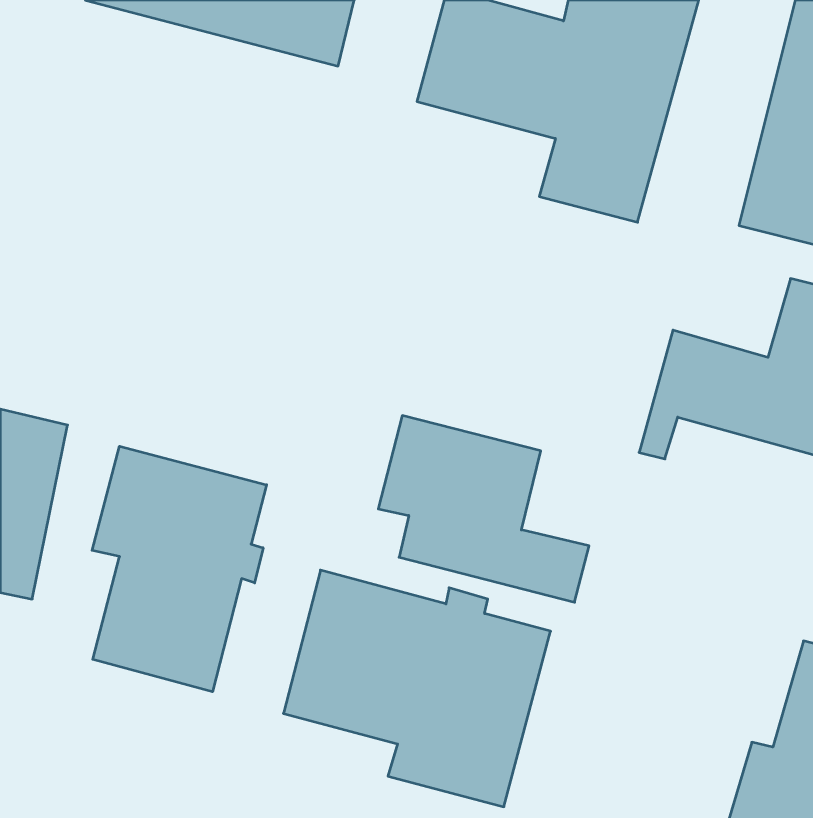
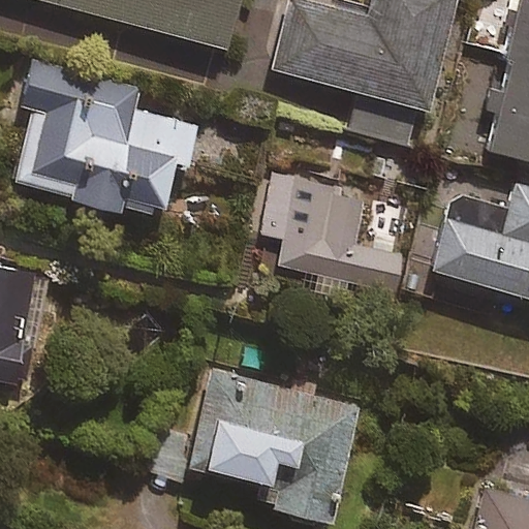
building: none -> [11,59,196,218]
building: [378,416,589,602] -> [264,173,400,292]
building: [92,446,267,692] -> none

